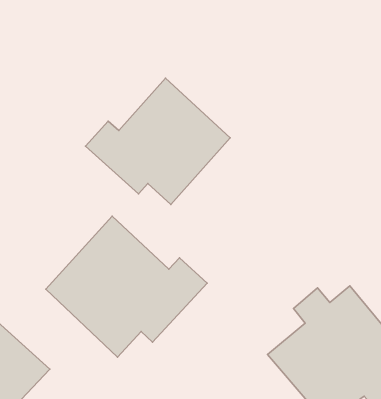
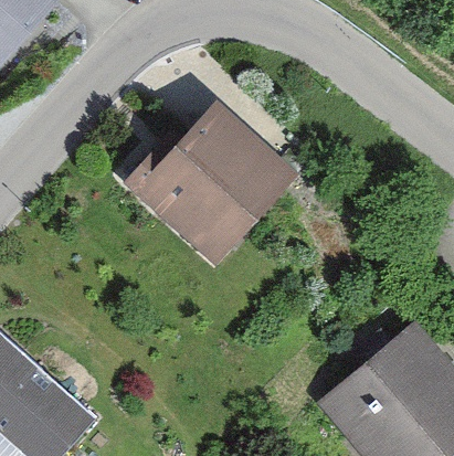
building: [46,216,207,357] -> none

